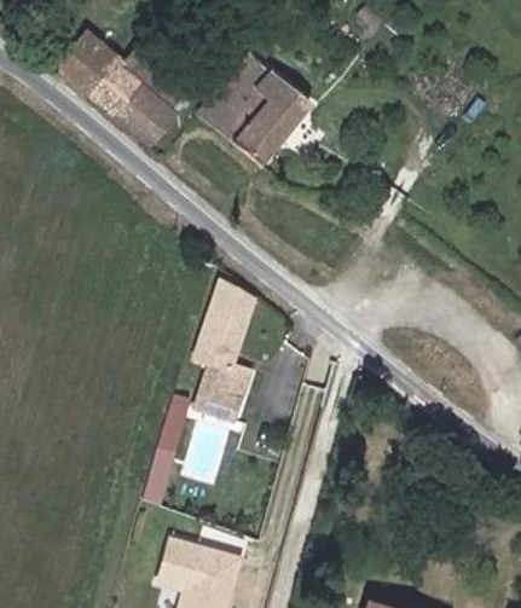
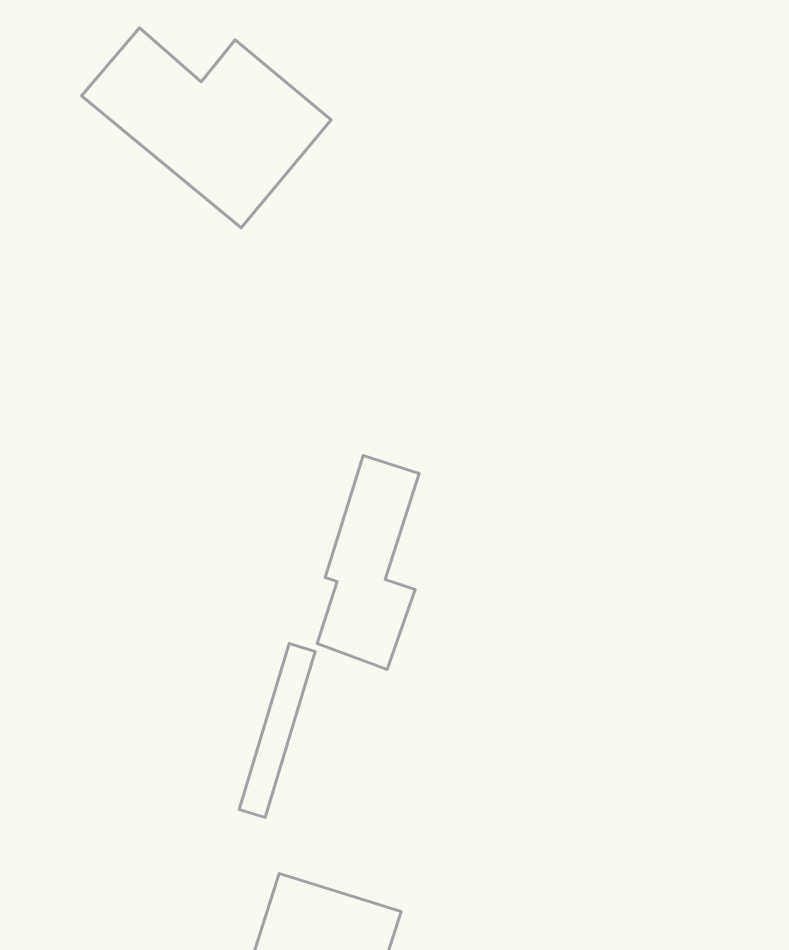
building: [196,51,309,162] -> none

